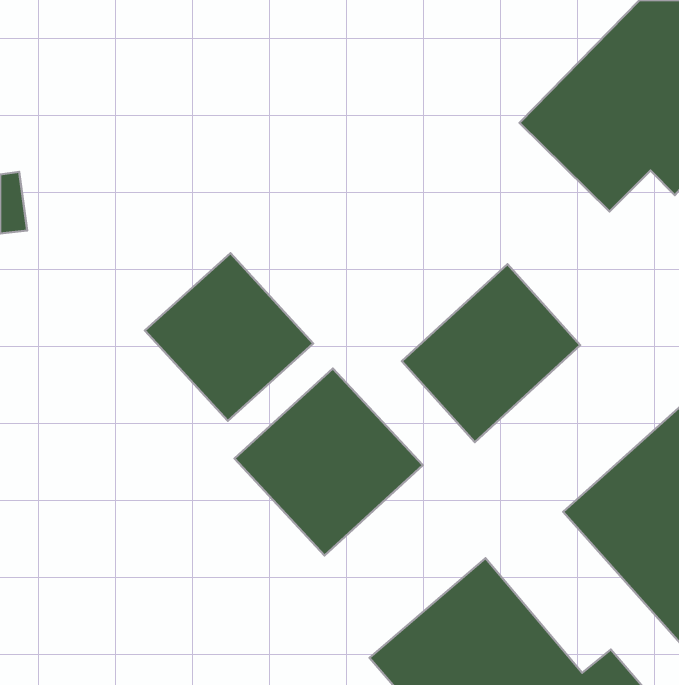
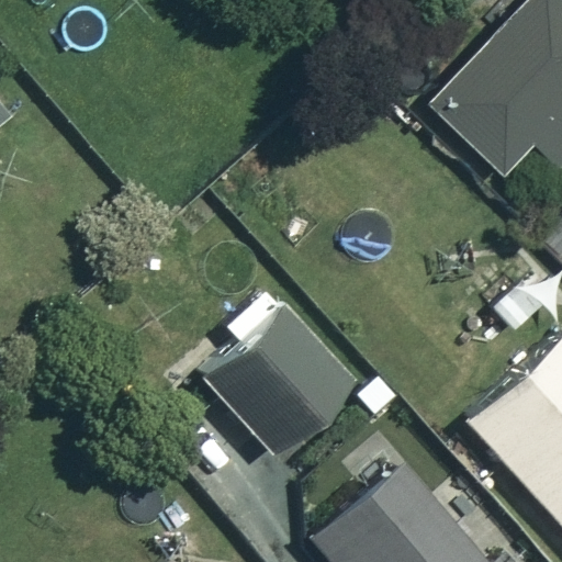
building: [145,253,313,421] -> none
building: [402,264,580,442] -> none

